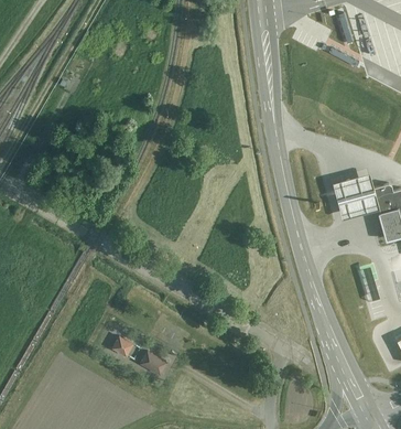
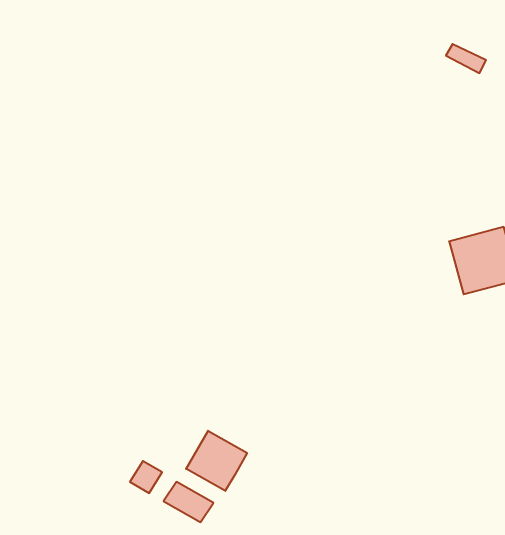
building: none -> [186,431,247,491]

